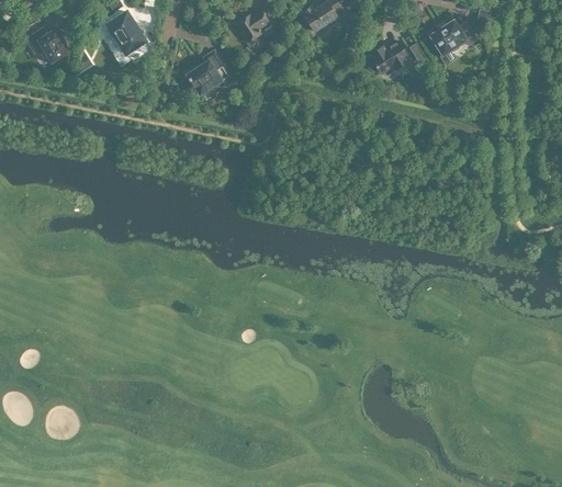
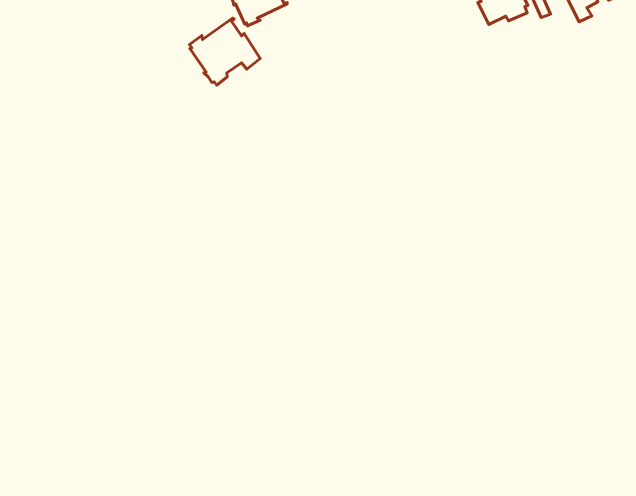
building: none -> [189,18,260,85]

